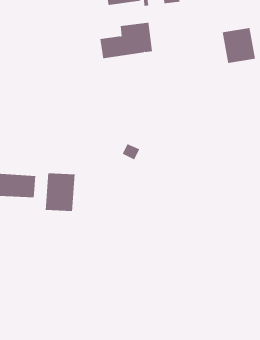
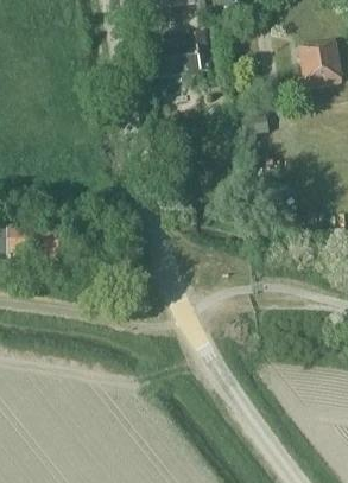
building: [45,173,75,212] -> none

